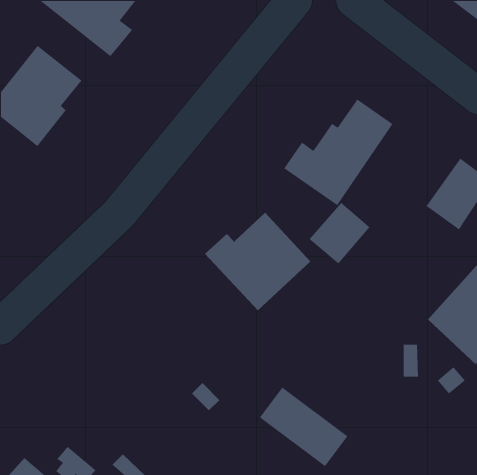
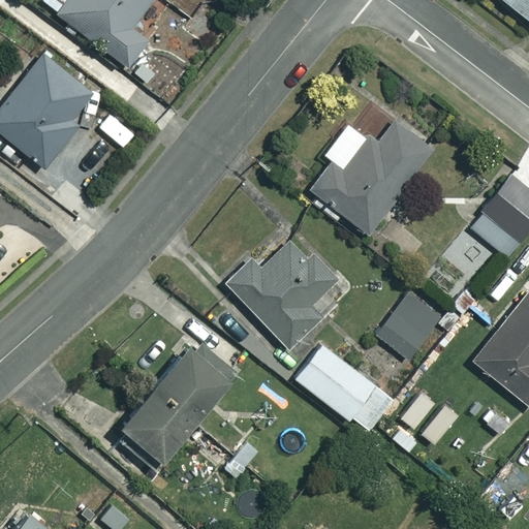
building: [309,202,370,264] -> [375,292,443,362]
building: none -> [111,337,232,475]
building: [259,387,349,467] -> [294,345,394,434]

